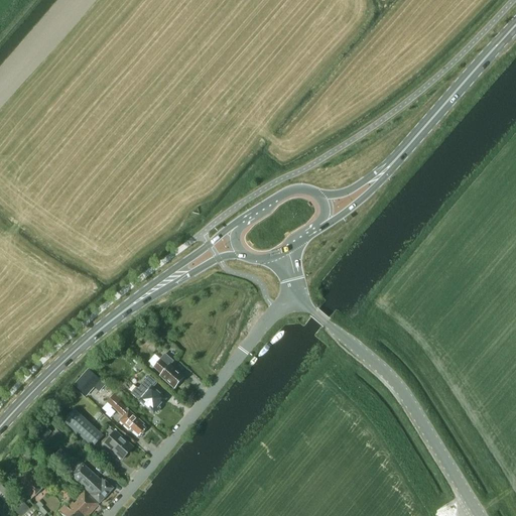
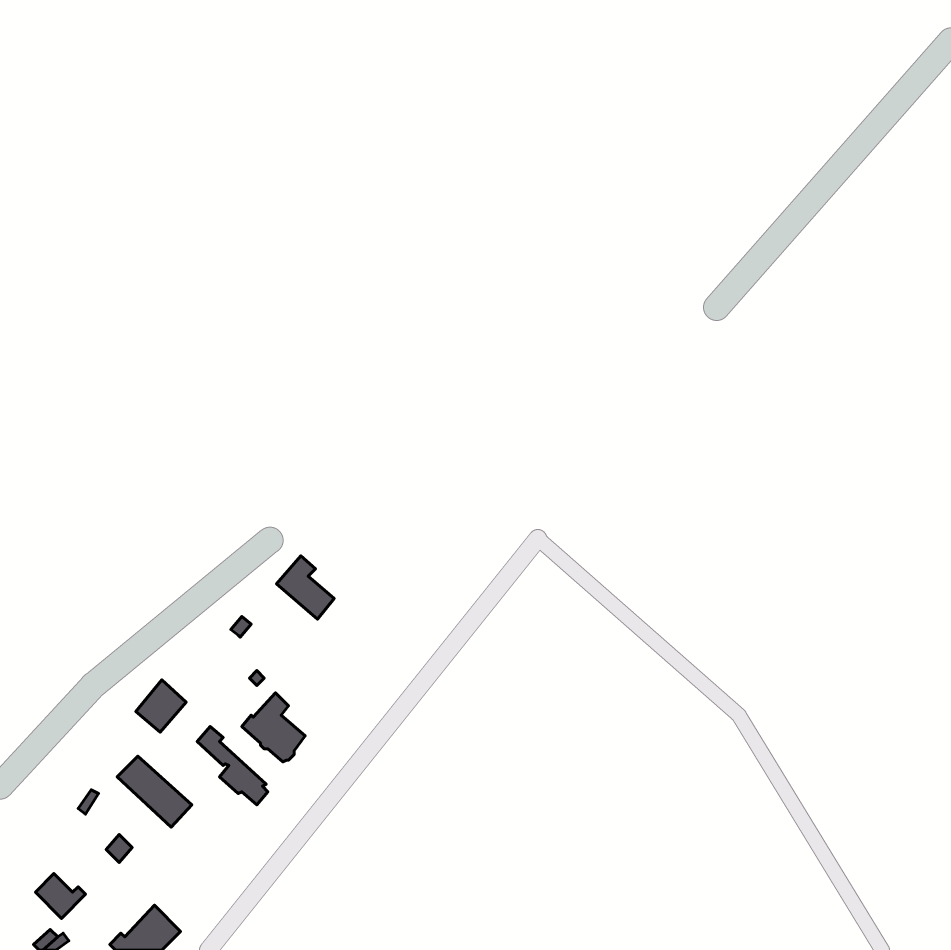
building: [152,354,183,388] -> [277,556,334,619]
building: [105,430,134,459] -> none
building: [71,464,112,502] -> none

